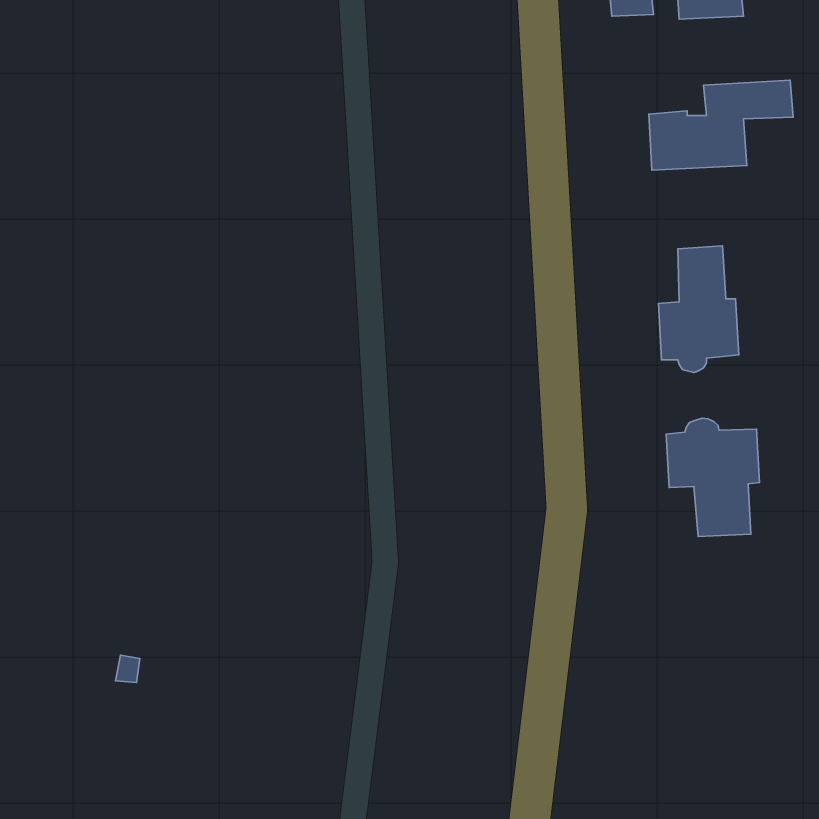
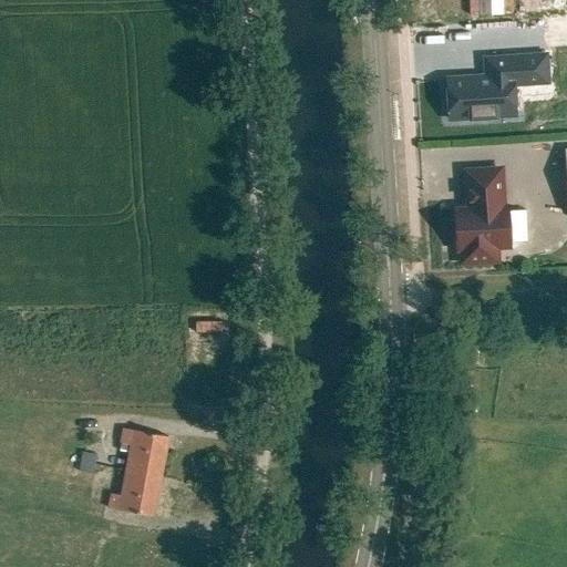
building: [666,418,760,536] -> none
building: none -> [110,427,168,515]

